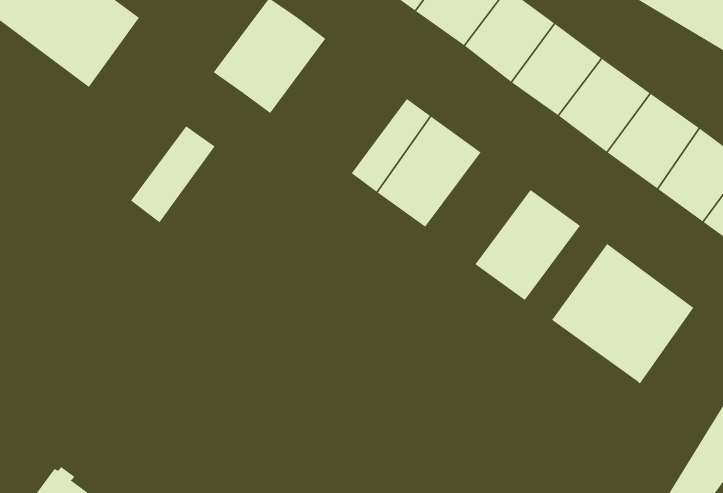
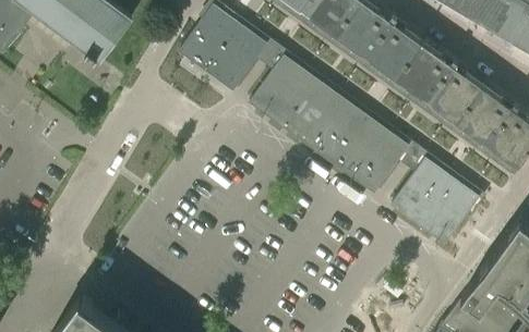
building: none -> [248,57,298,115]
building: [130,125,215,223] -> [213,32,266,93]
building: none -> [310,102,375,172]

